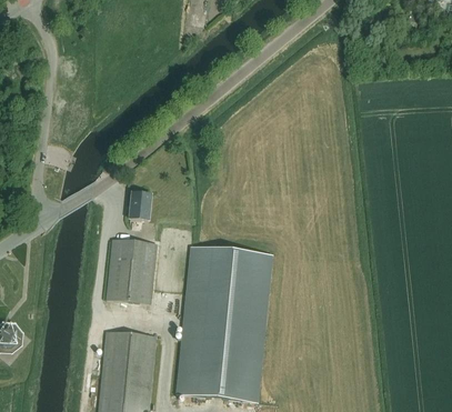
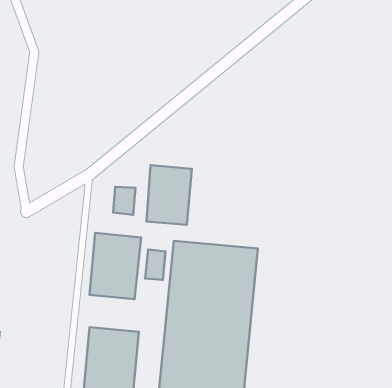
building: none -> [147,165,192,225]
building: none -> [145,249,165,280]

